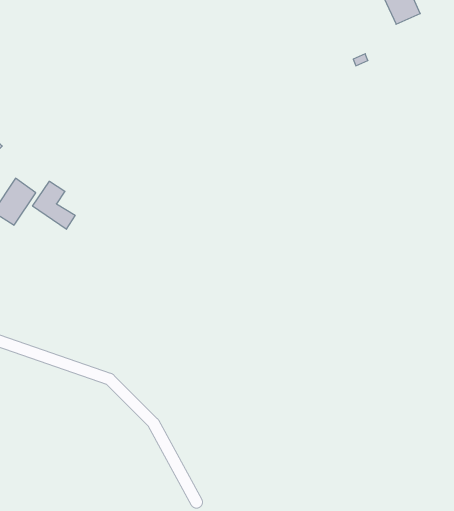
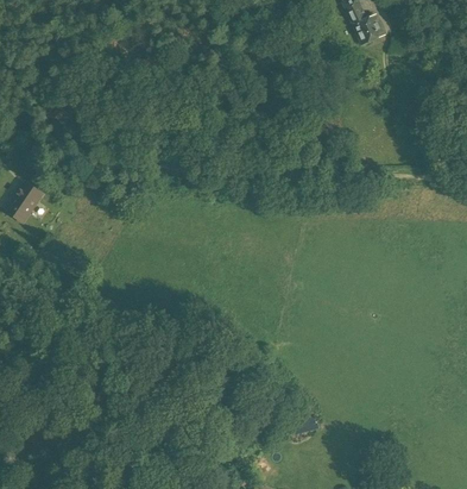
building: [33,181,75,229] -> none

